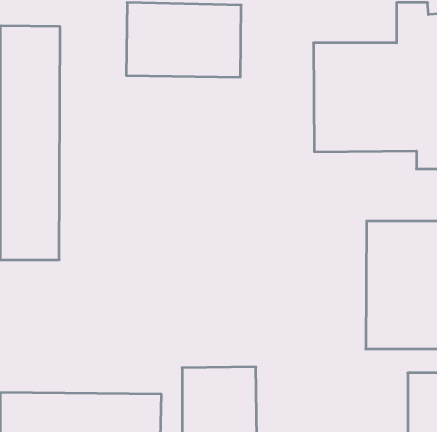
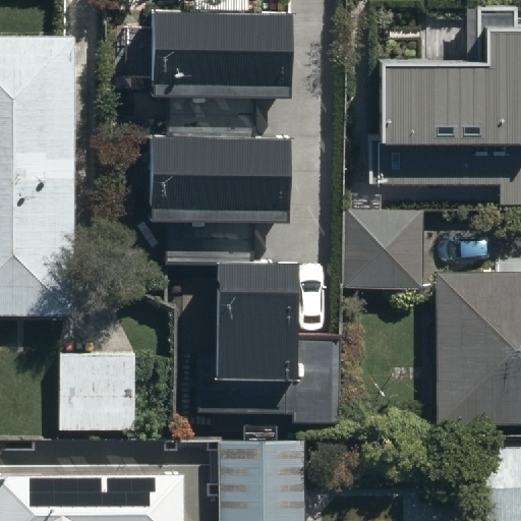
building: none -> [149,133,289,221]
building: none -> [345,212,421,290]
building: none -> [216,258,297,375]
building: none -> [59,356,135,435]

